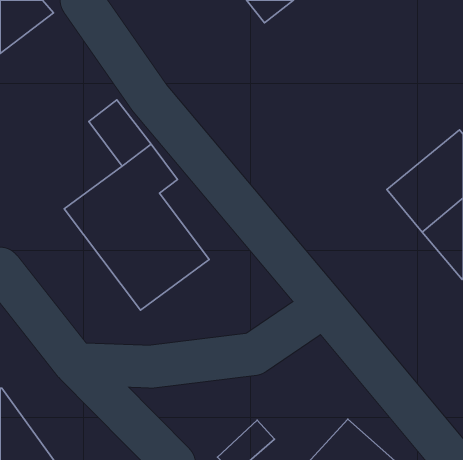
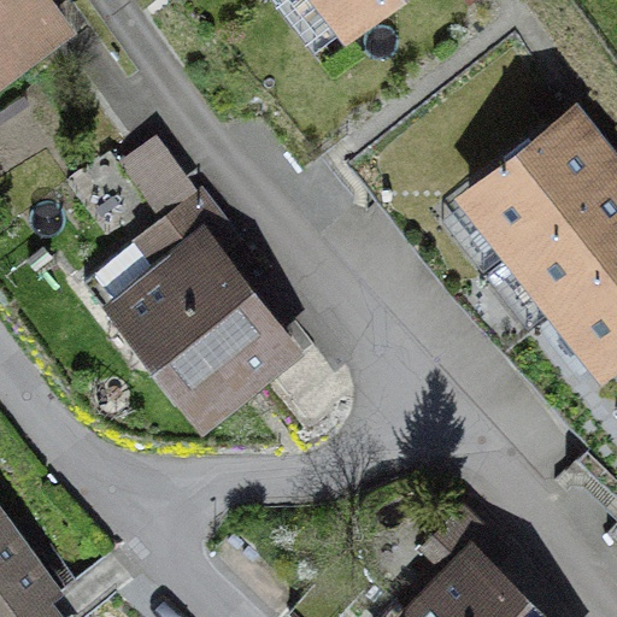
building: none -> [463,114,611,257]

